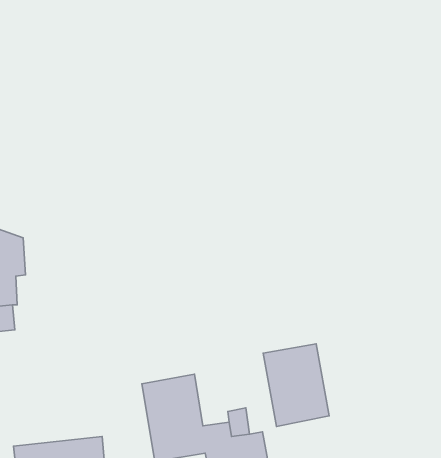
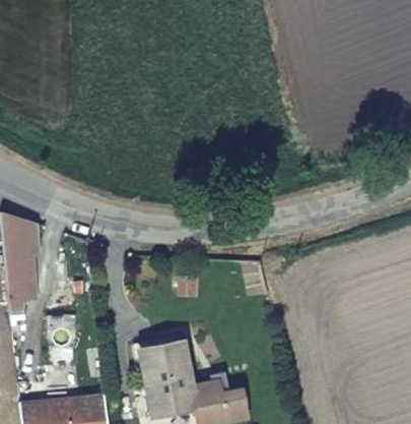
building: [263,344,329,426] -> none

